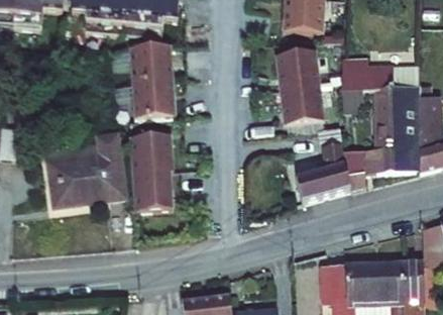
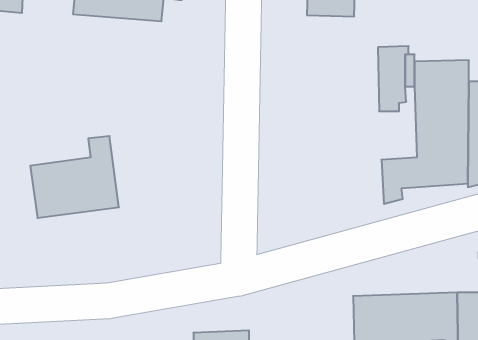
building: [127,39,173,112] -> none
building: [276,47,325,122] -> none
building: [293,125,348,200] -> none
building: [127,129,171,205] -> none

